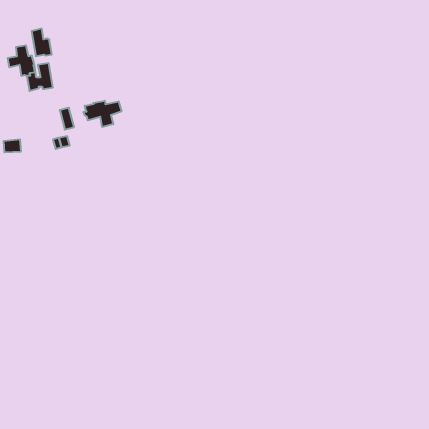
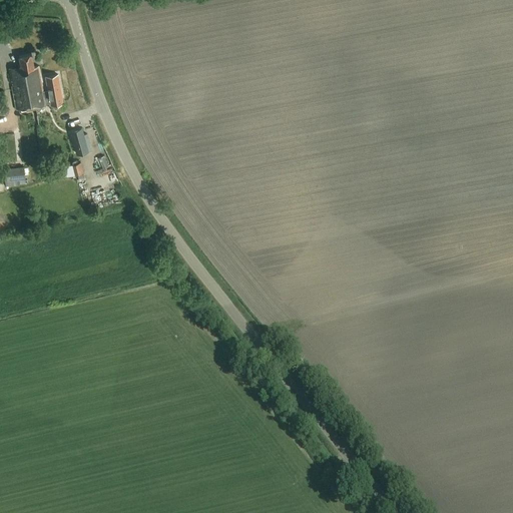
building: [32,29,52,56] -> [12,78,36,111]
building: [83,101,121,127] -> none

